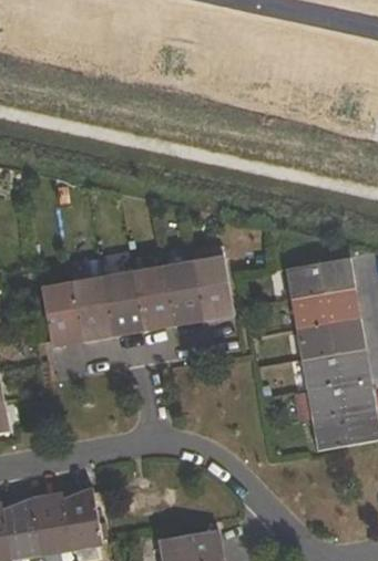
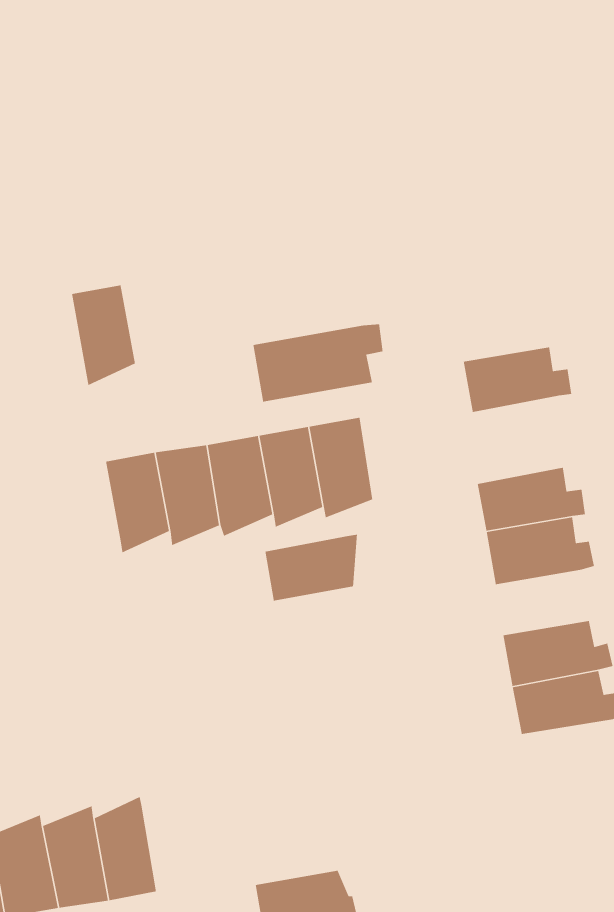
building: none -> [252,323,383,402]
building: [288,259,354,299] -> [463,346,572,413]
building: [41,285,80,346] -> [71,284,136,386]
building: none -> [265,534,358,602]
building: [305,351,370,389] -> none

